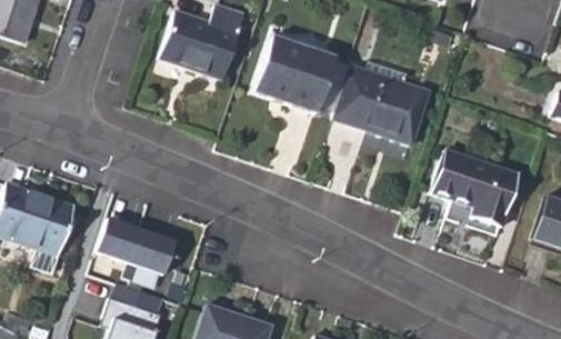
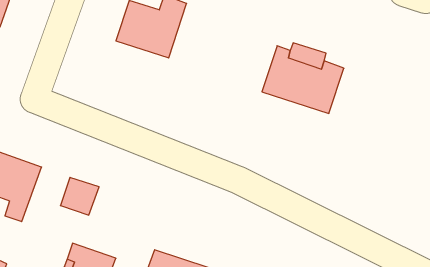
building: [254,36,335,112] -> none
building: [433,148,521,226] -> none
building: [129,230,174,275] -> none

